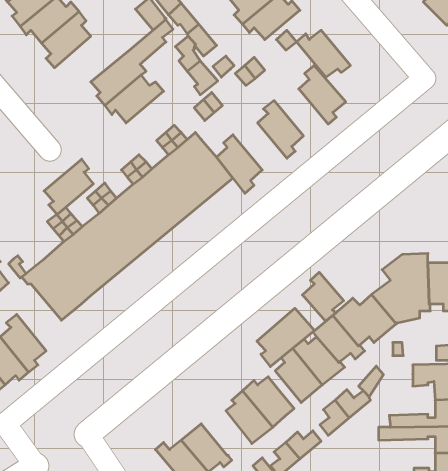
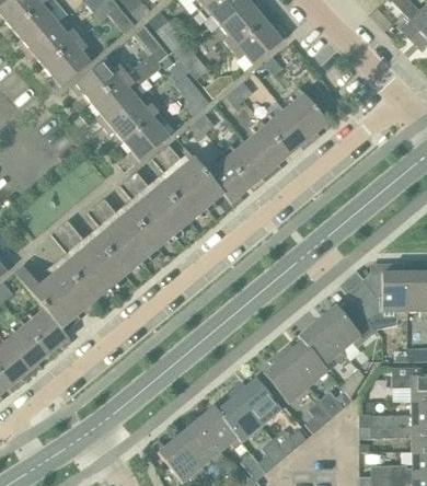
building: [296,30,350,77] -> [262,111,312,154]
building: none -> [71,58,127,104]
building: none -> [223,142,274,186]
building: [44,159,93,214] -> [124,113,170,164]
building: [302,272,344,321] -> none
building: none -> [22,292,71,355]
building: [257,308,315,367] -> none
building: none -> [194,406,241,452]

